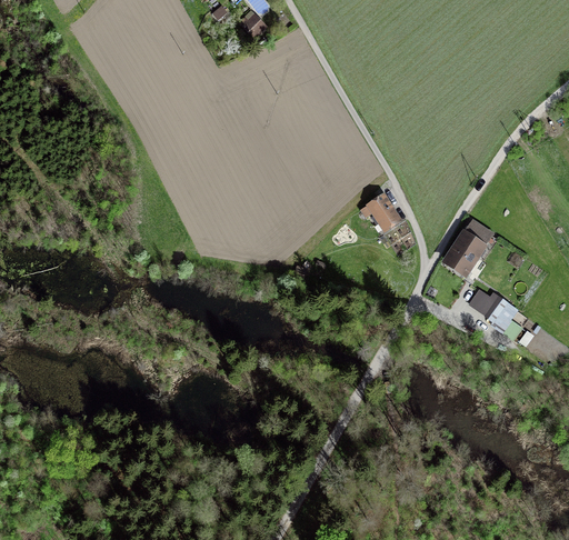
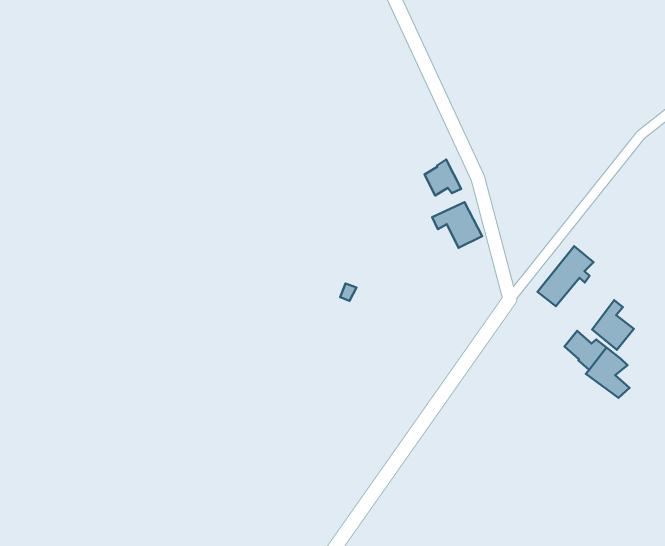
building: none -> [425,160,461,195]
building: none -> [592,300,634,350]

